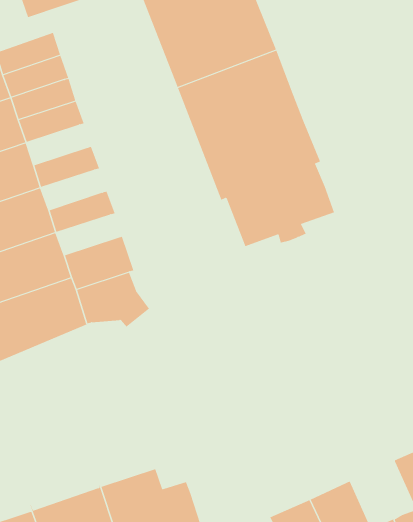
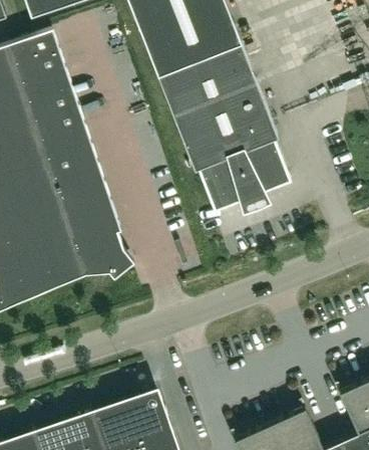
building: none -> [29,105,84,141]
building: none -> [41,144,97,179]
building: none -> [54,182,110,217]

